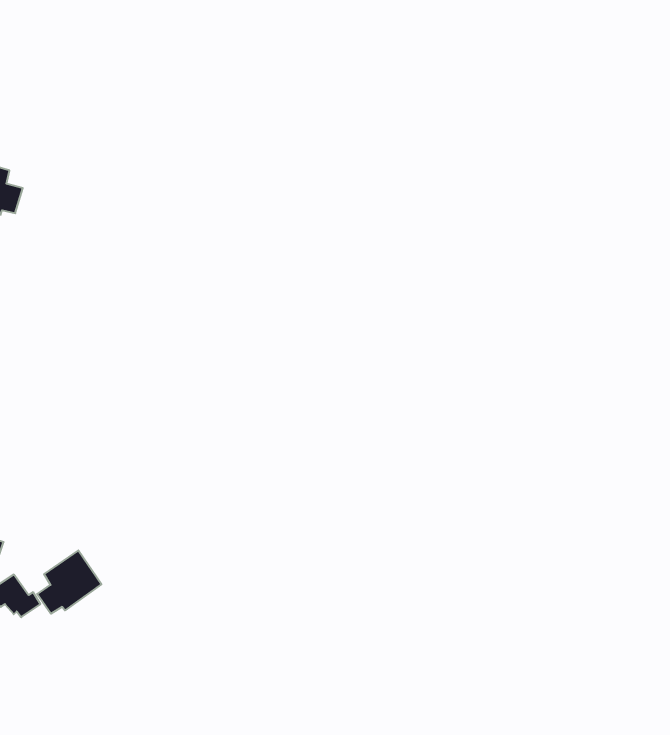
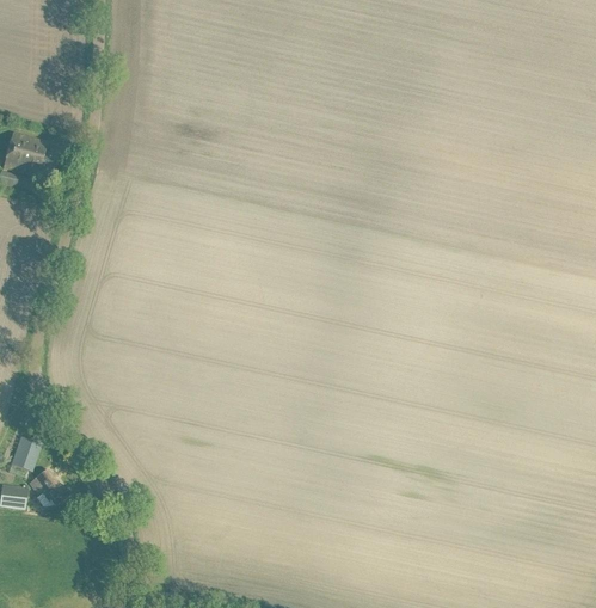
building: [37,550,101,614] -> none

